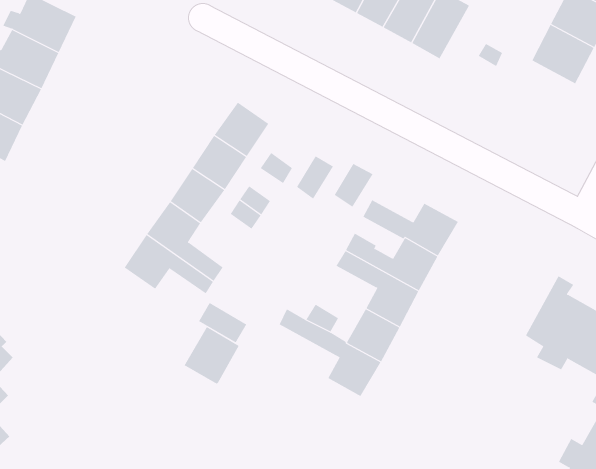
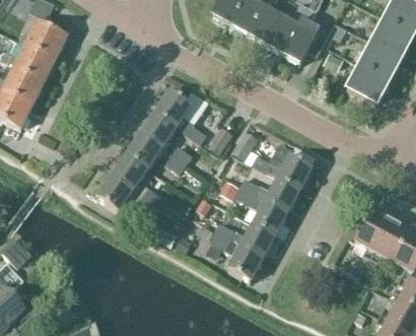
building: none -> [347,64,388,103]
building: [184,326,240,385] -> none

